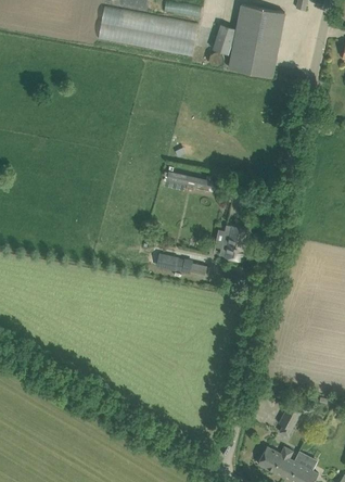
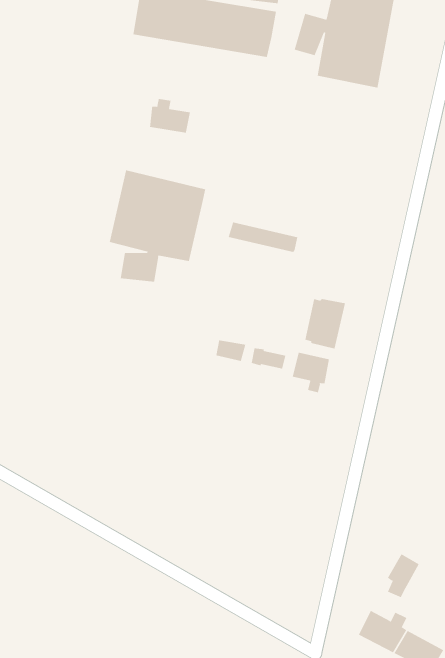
building: none -> [150,98,190,134]
building: none -> [109,170,206,283]
building: none -> [292,352,329,393]

